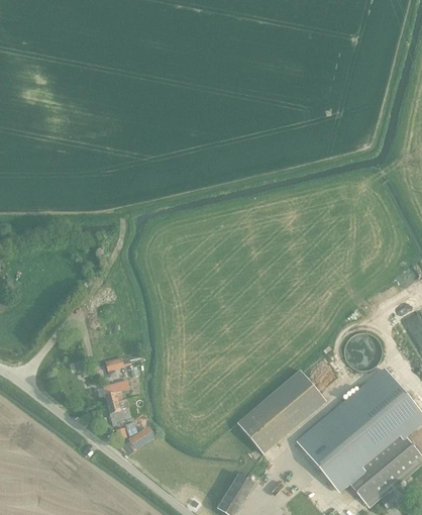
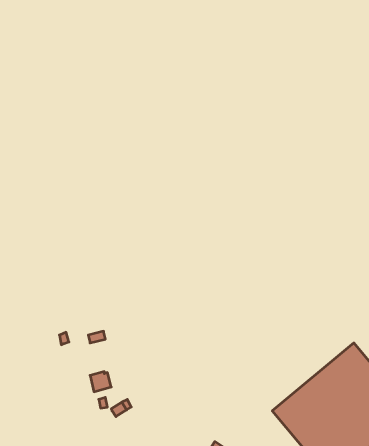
building: [236,370,325,453] -> none
building: [102,380,128,404] -> none

